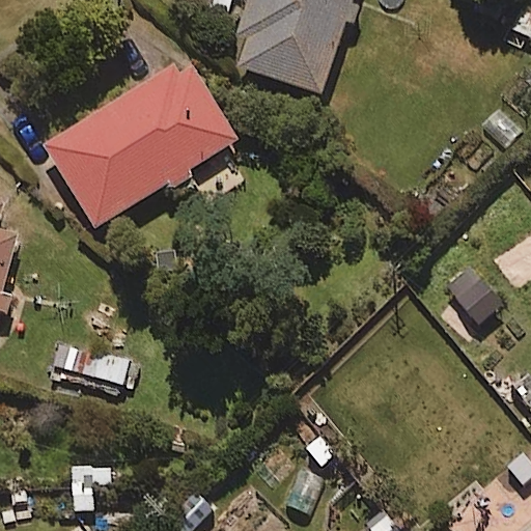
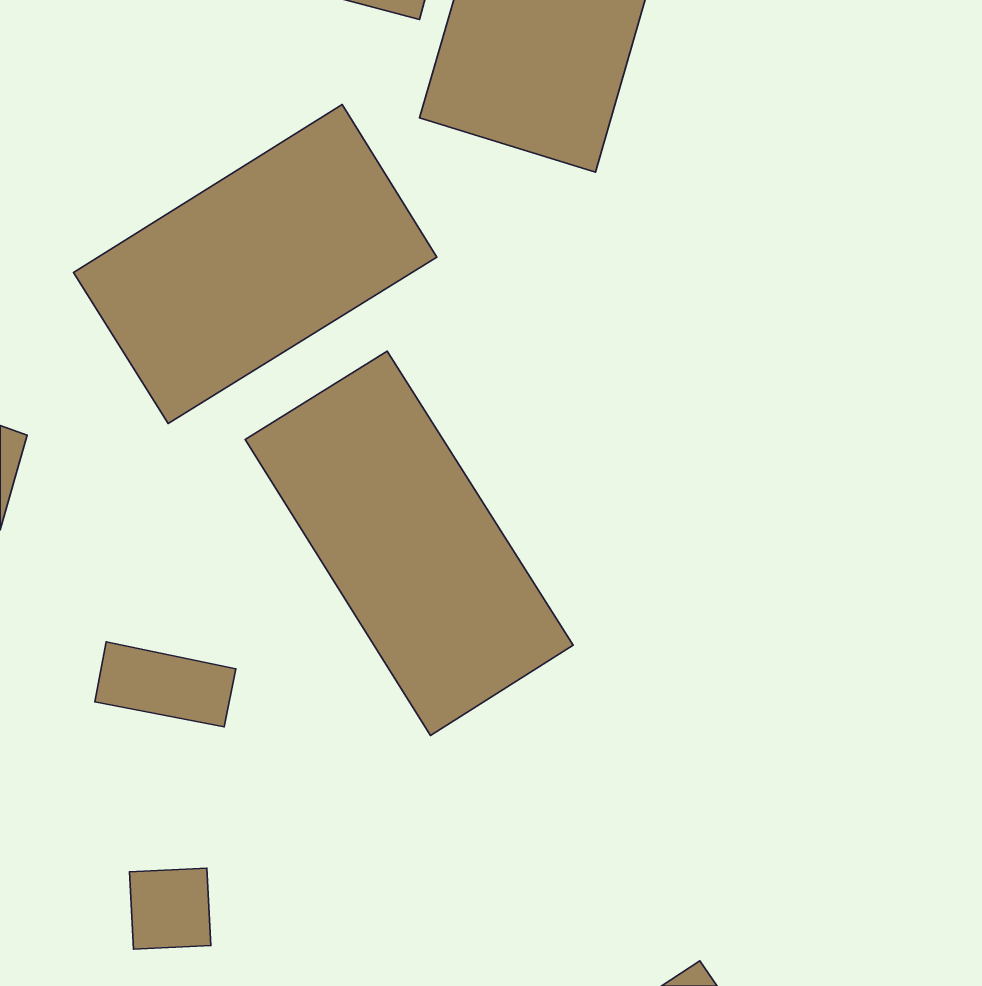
building: none -> [245,351,573,736]

